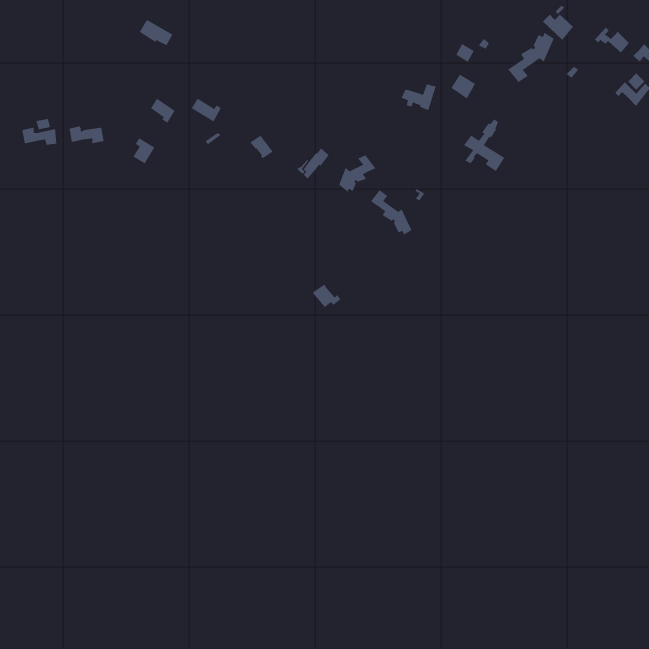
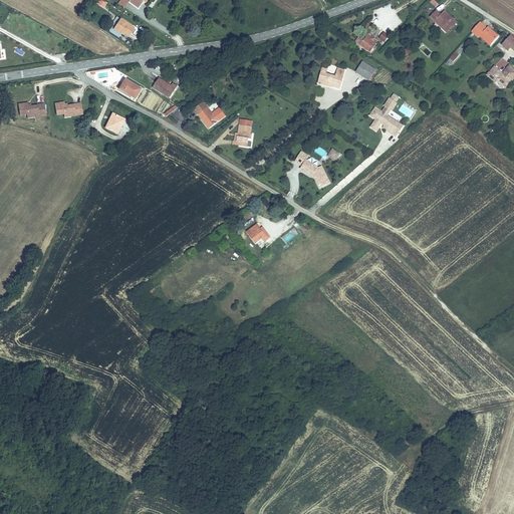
building: [508,32,555,83] -> none
building: [339,155,376,193] -> none

